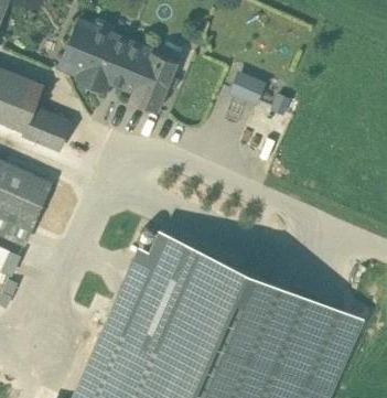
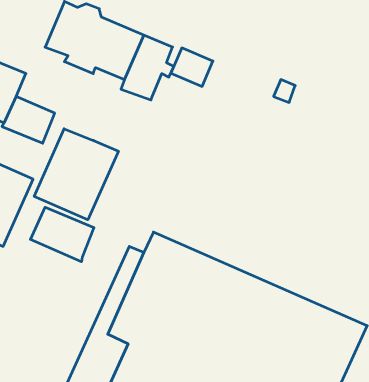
building: [230,71,269,106] -> [171,48,213,86]
building: none -> [34,129,118,220]
building: none -> [30,207,94,262]

